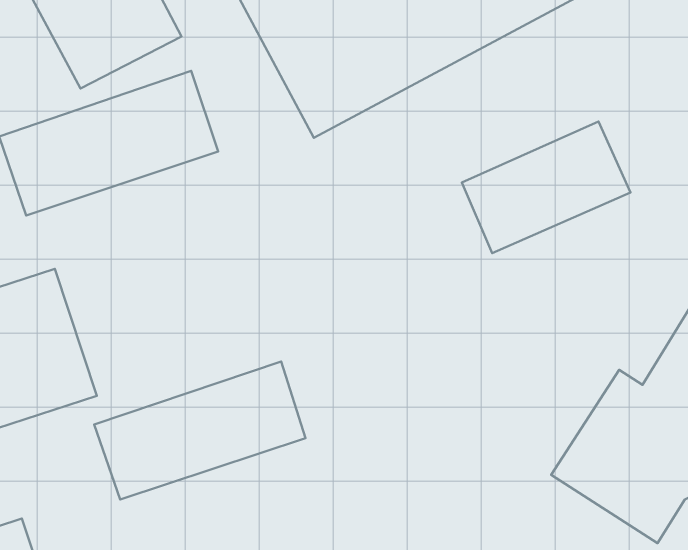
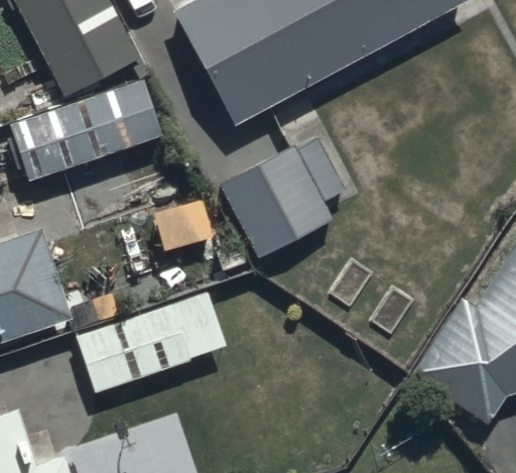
building: [462,121,630,253] -> none
building: none -> [217,140,344,259]

